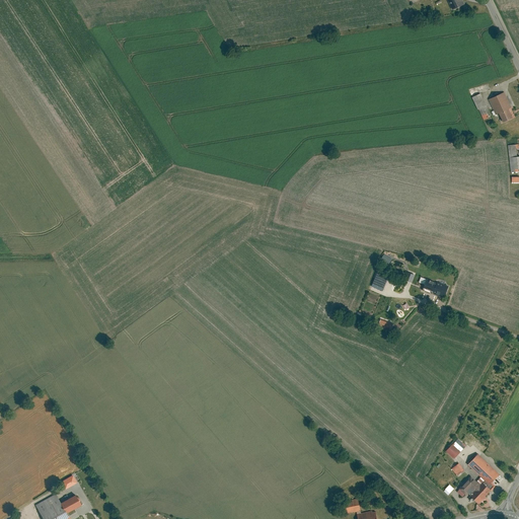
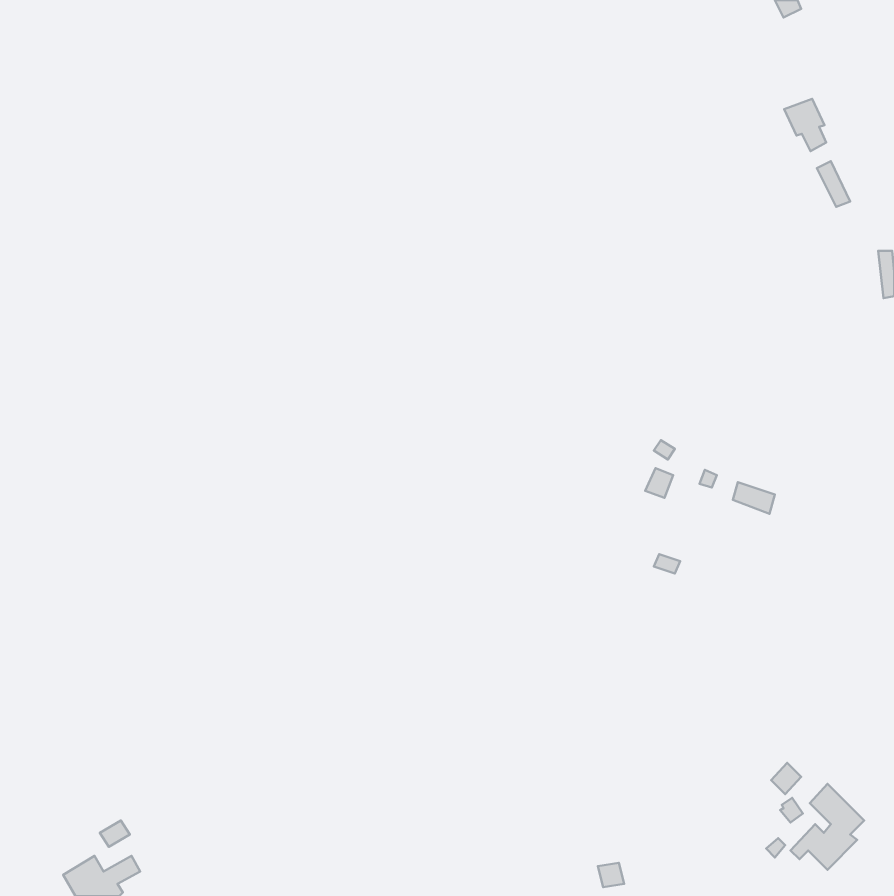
building: [489,92,513,123] -> [784,99,826,151]

